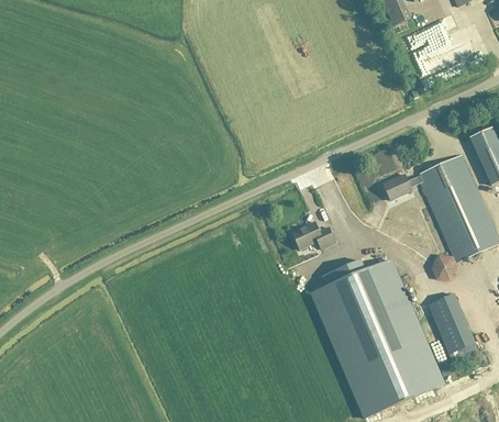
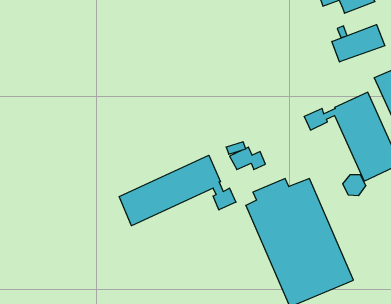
building: none -> [332,25,385,62]
building: none -> [119,155,236,226]
building: [429,293,478,362] -> none

